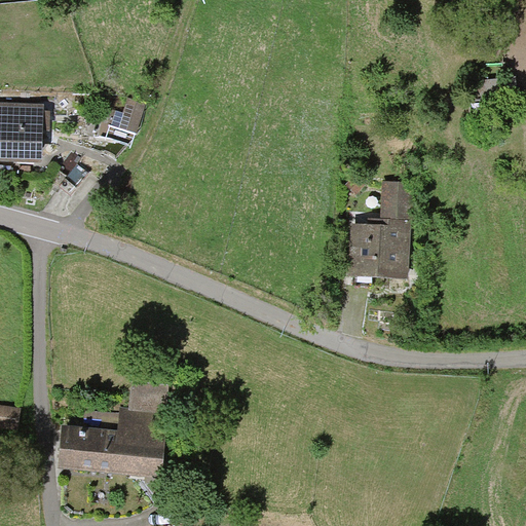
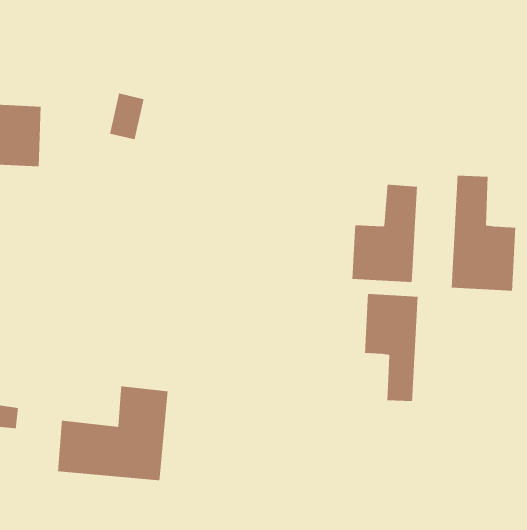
building: none -> [451,175,516,292]
building: none -> [364,293,418,402]

